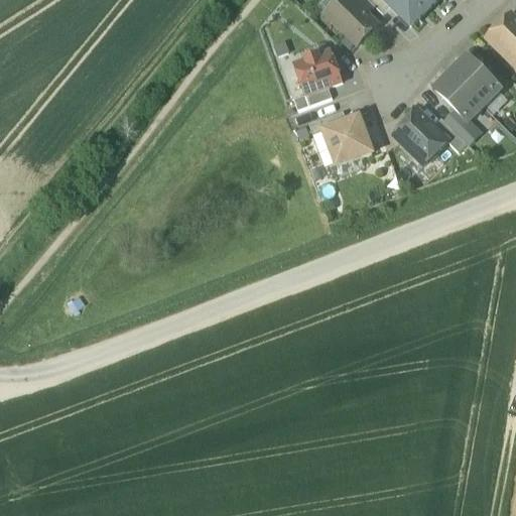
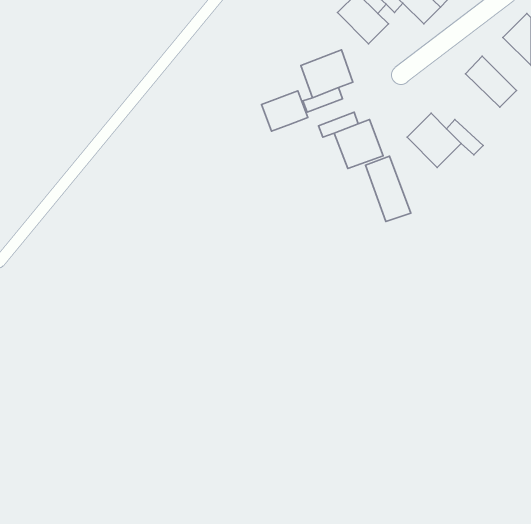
building: [434,72,484,121] -> none
building: none -> [261,91,308,131]
building: none -> [366,156,411,222]

